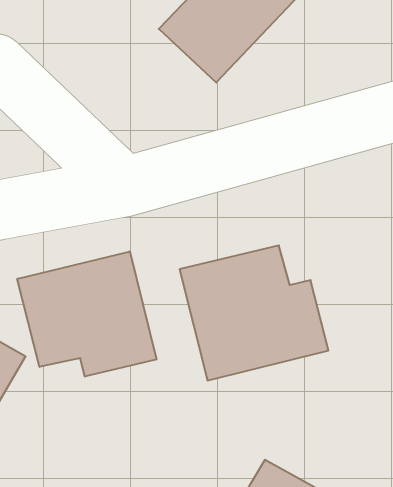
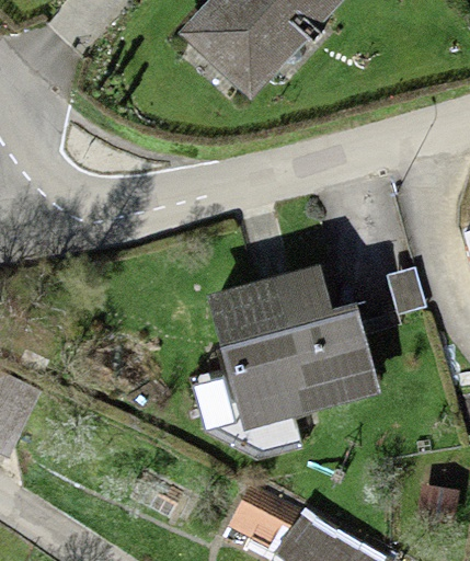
building: [17,251,156,377] -> none

